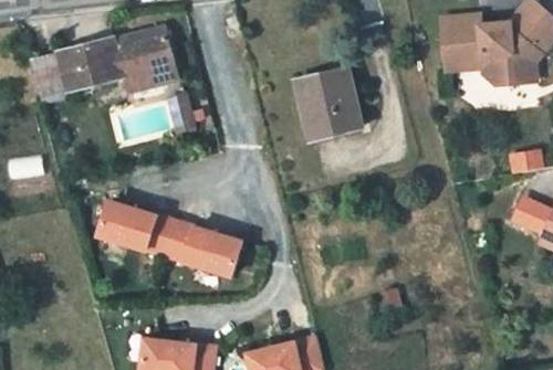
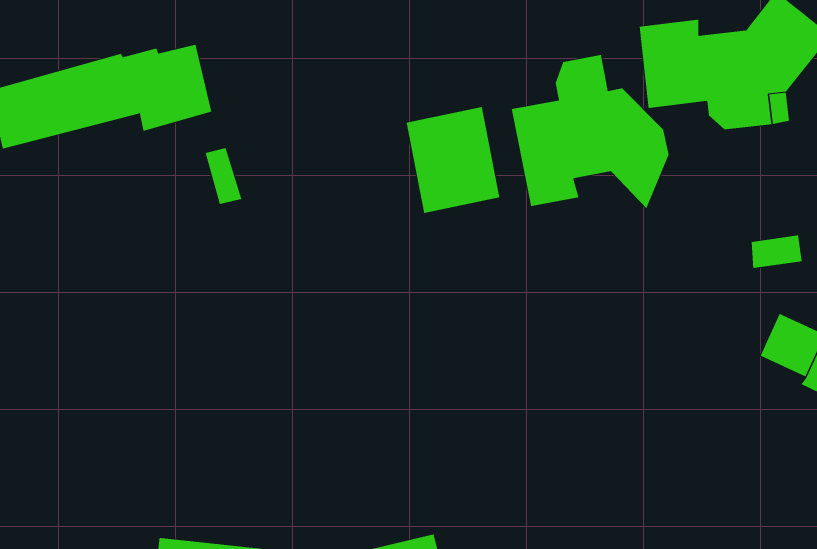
building: none -> [511,54,669,209]
building: [96,199,242,279] -> none

